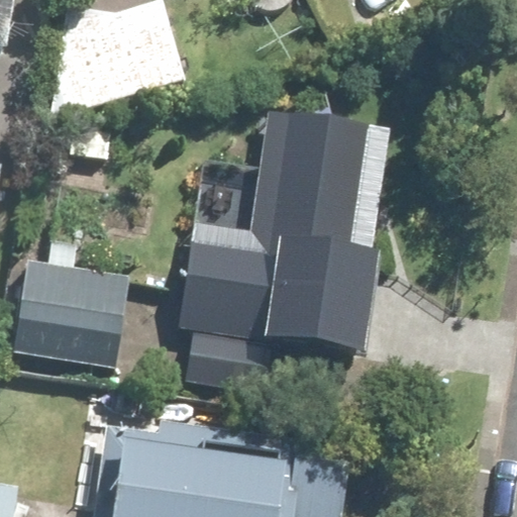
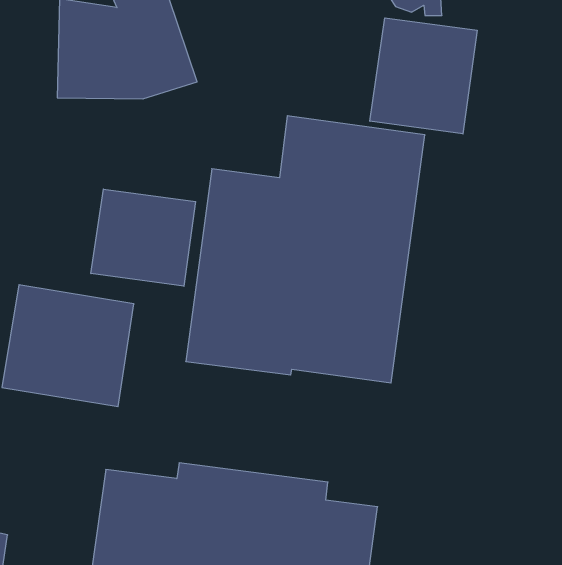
building: none -> [370,18,477,134]
building: none -> [91,189,196,286]

